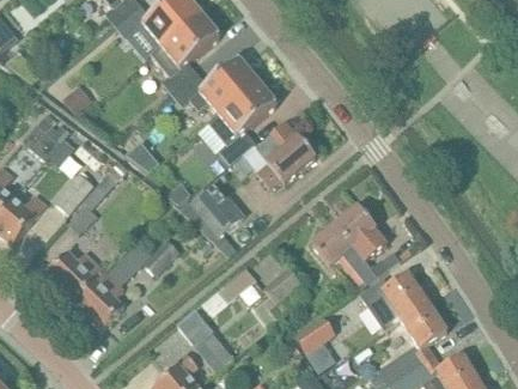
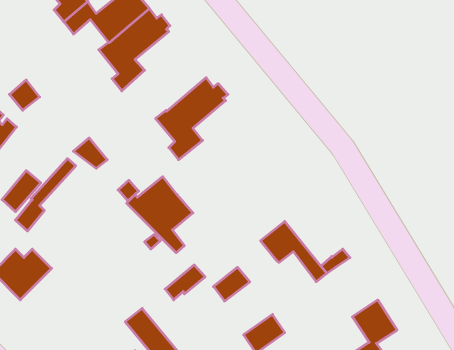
building: [175,59,258,115] -> none
building: [256,121,316,187] -> none
building: [336,205,388,261] -> none
building: [74,239,179,329] -> none
building: [380,269,428,318] -> none

